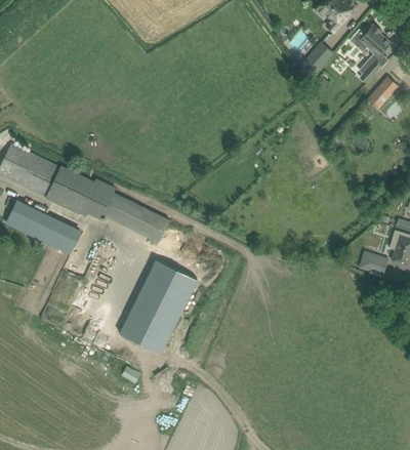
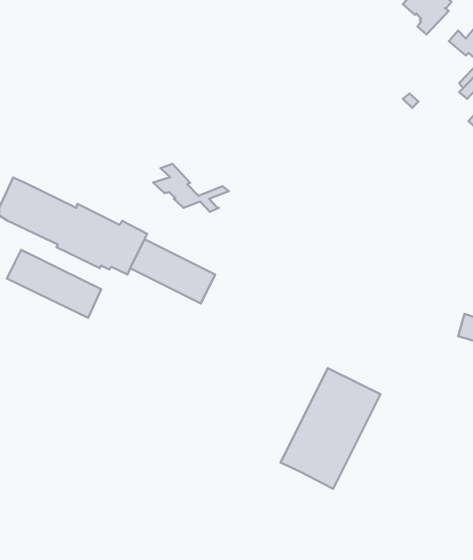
building: [298,42,333,79] -> none
building: none -> [153,164,229,212]
building: [120,259,198,354] -> [281,368,380,489]

